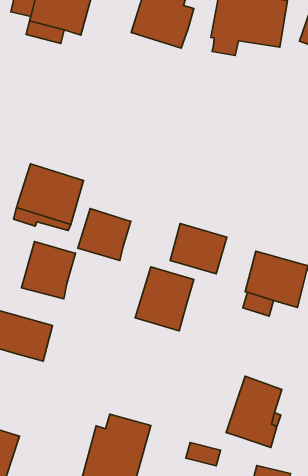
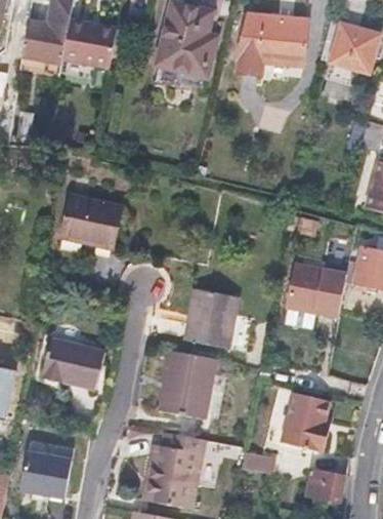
building: [78,209,131,260] -> none
building: [170,224,227,274] -> none
building: [22,241,75,299] -> none
building: none -> [160,350,216,417]

